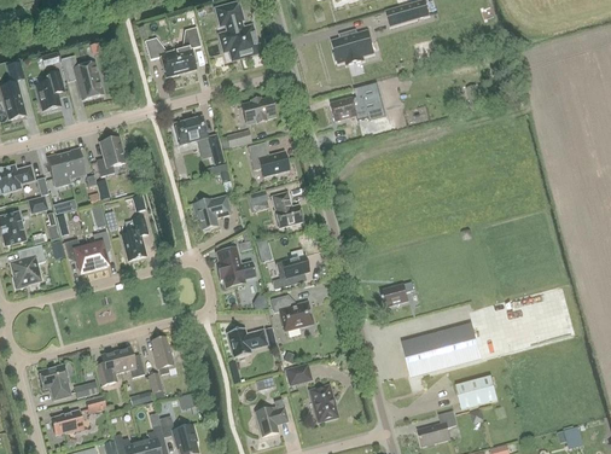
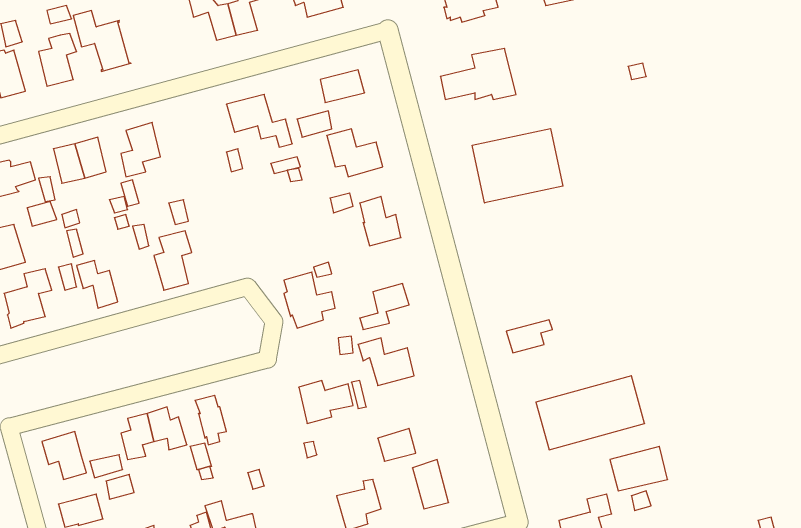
building: none -> [472,129,563,203]
building: [193,194,231,229] -> none
building: [88,231,111,268] -> none

